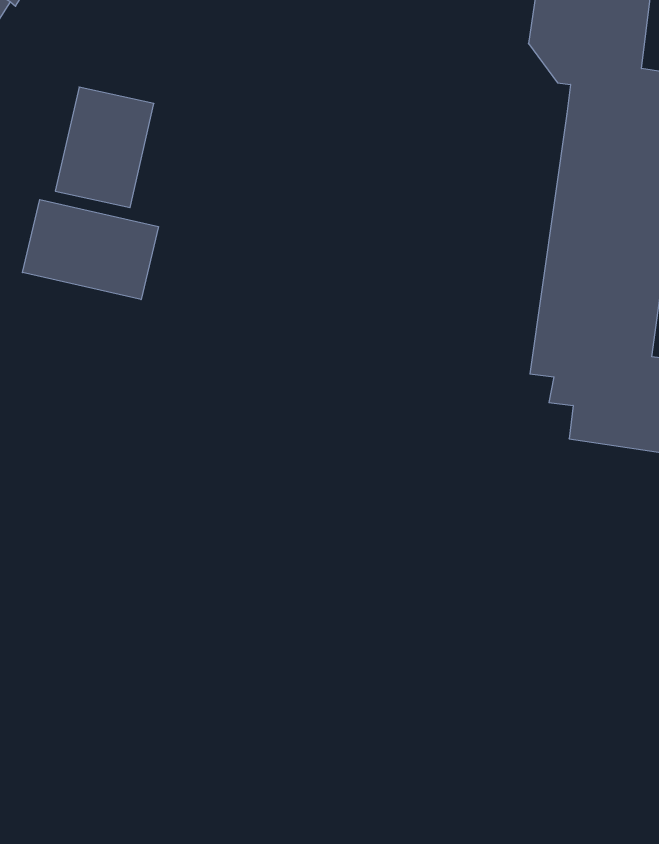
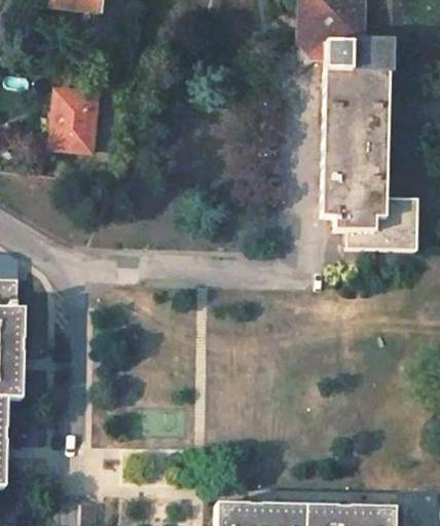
building: [22,200,158,300] -> none

